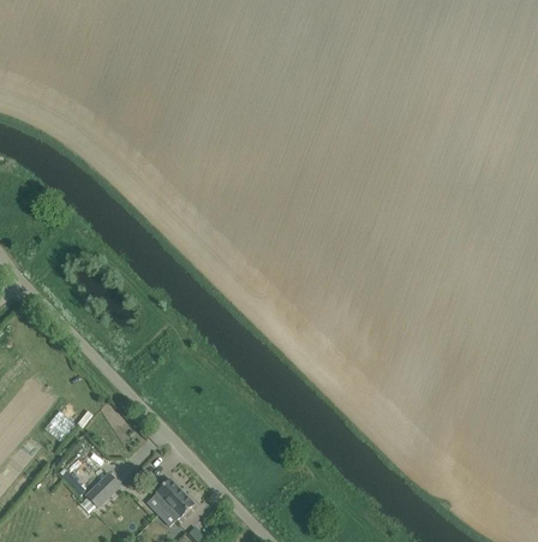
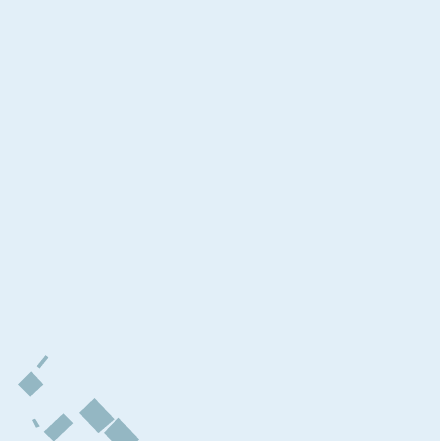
building: none -> [78,397,116,434]

